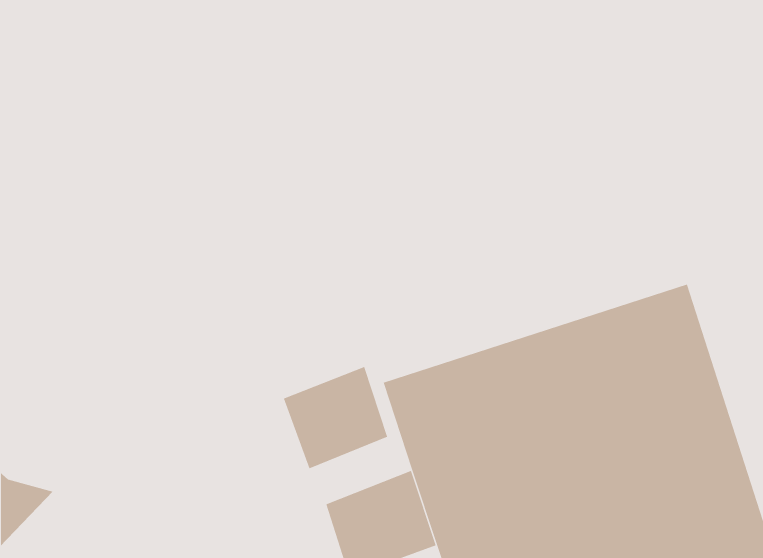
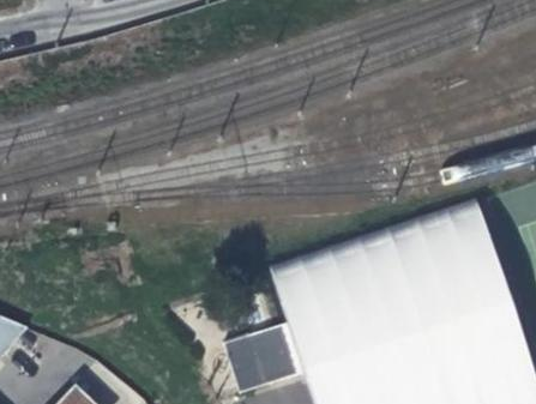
building: [283,366,388,469] -> none

